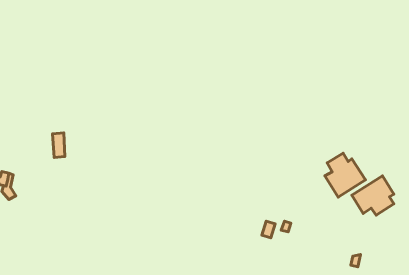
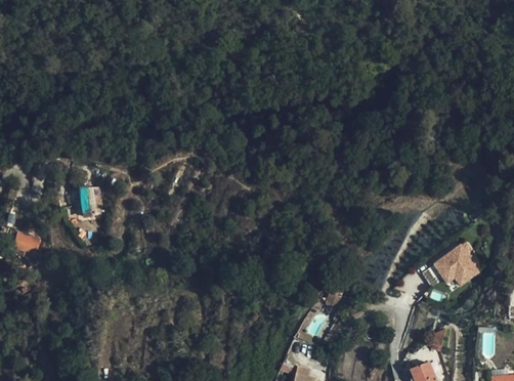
building: [325,153,365,197] -> none

